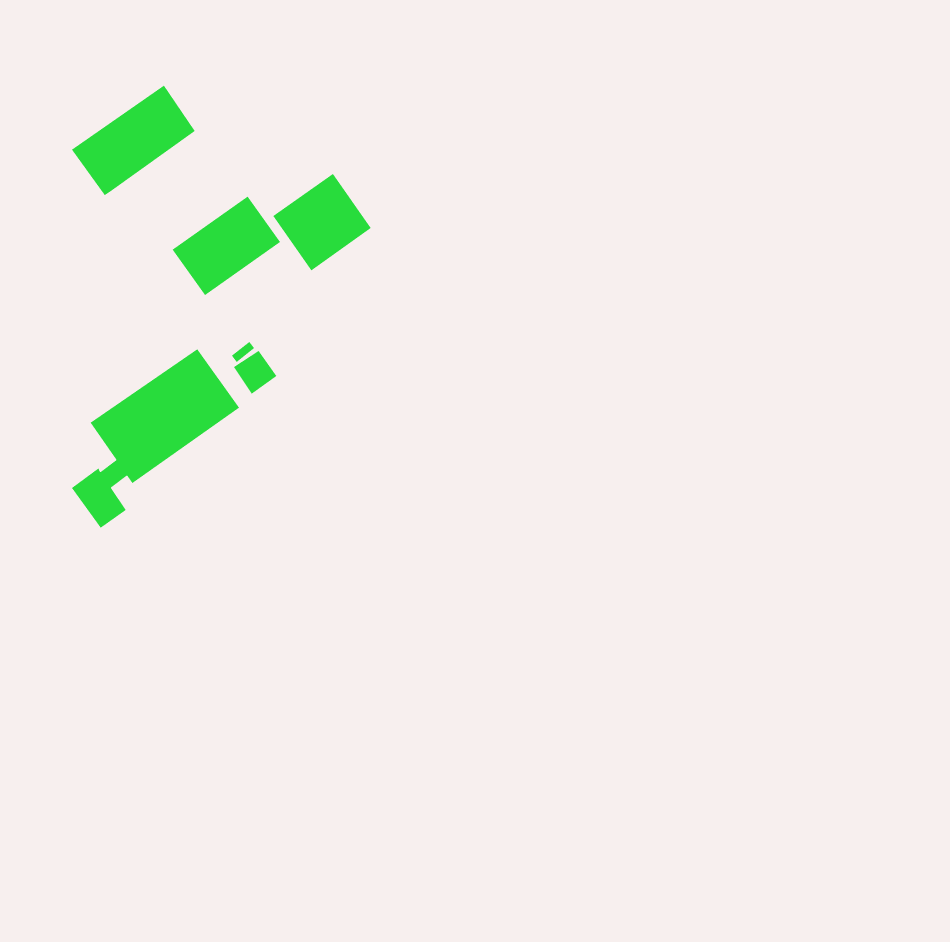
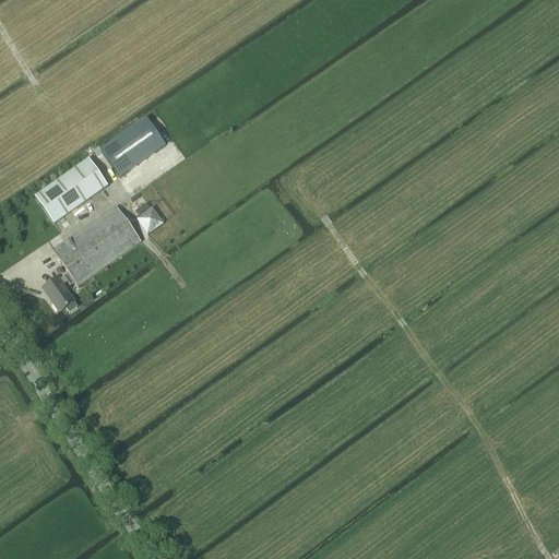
building: [71,84,196,196] -> [35,155,108,221]
building: [272,173,372,271] -> none

